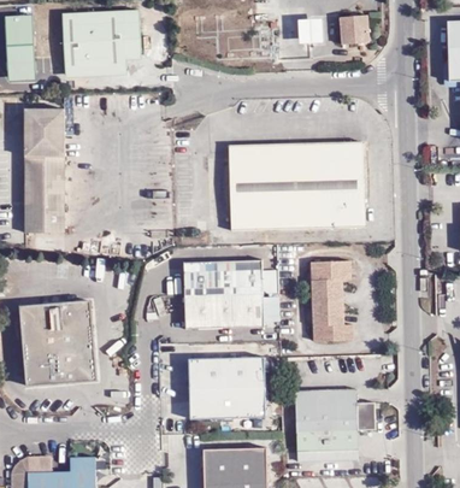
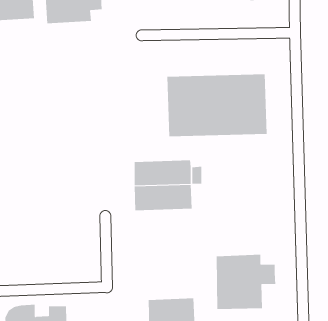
building: [25,110,64,233] -> none
building: [311,260,350,340] -> none
building: [20,301,96,386] -> none
building: [188,357,266,419] -> none

